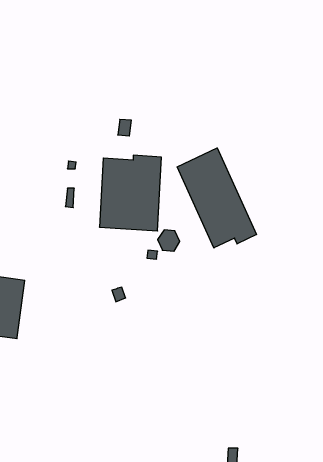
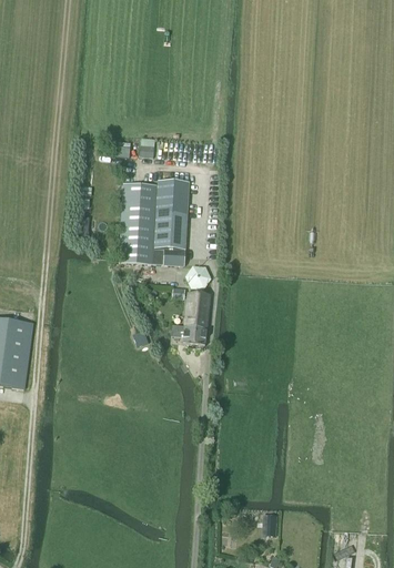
building: [177,148,256,248] -> none
building: none -> [171,291,211,344]

